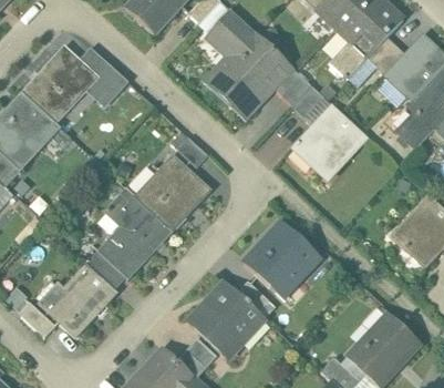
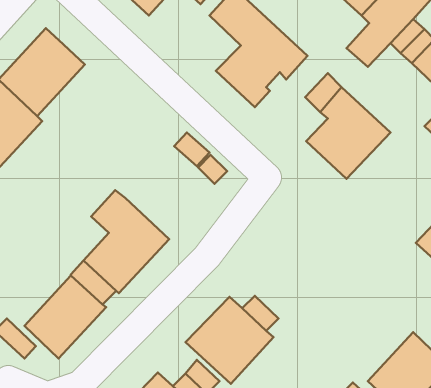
building: [79,45,127,94] -> none
building: [275,69,311,105] -> none
building: [133,153,210,231] -> none
building: [236,212,329,304] -> none

